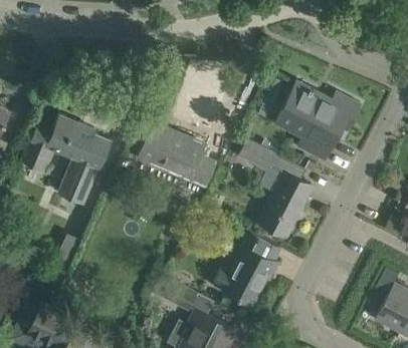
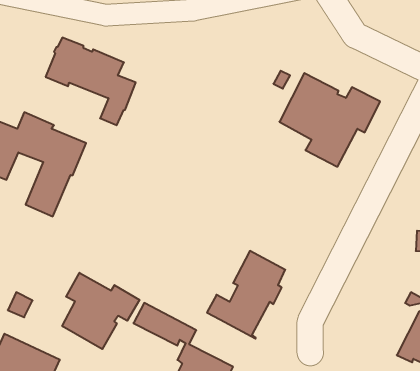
building: [138,125,214,200] -> [46,38,136,125]
building: [237,139,311,237] -> none
building: none -> [62,273,139,349]

